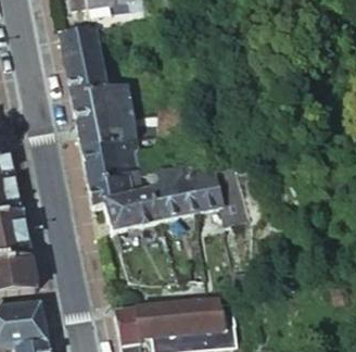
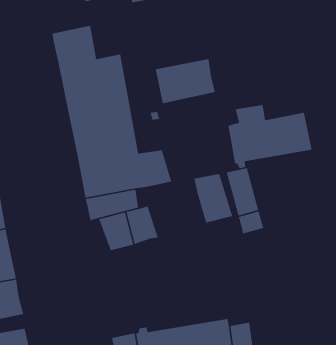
building: none -> [155,58,216,104]
building: none -> [227,104,312,169]
building: [149,169,193,224] -> none

